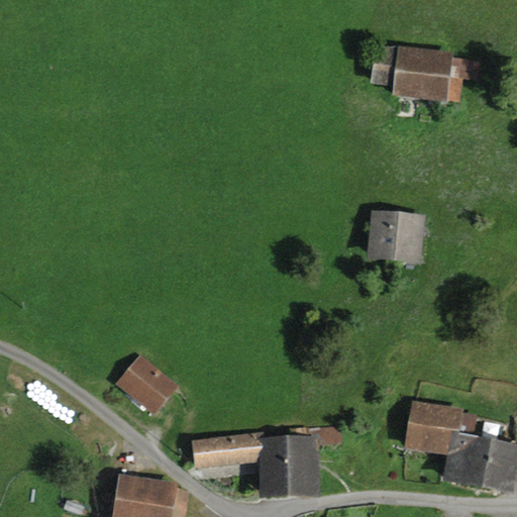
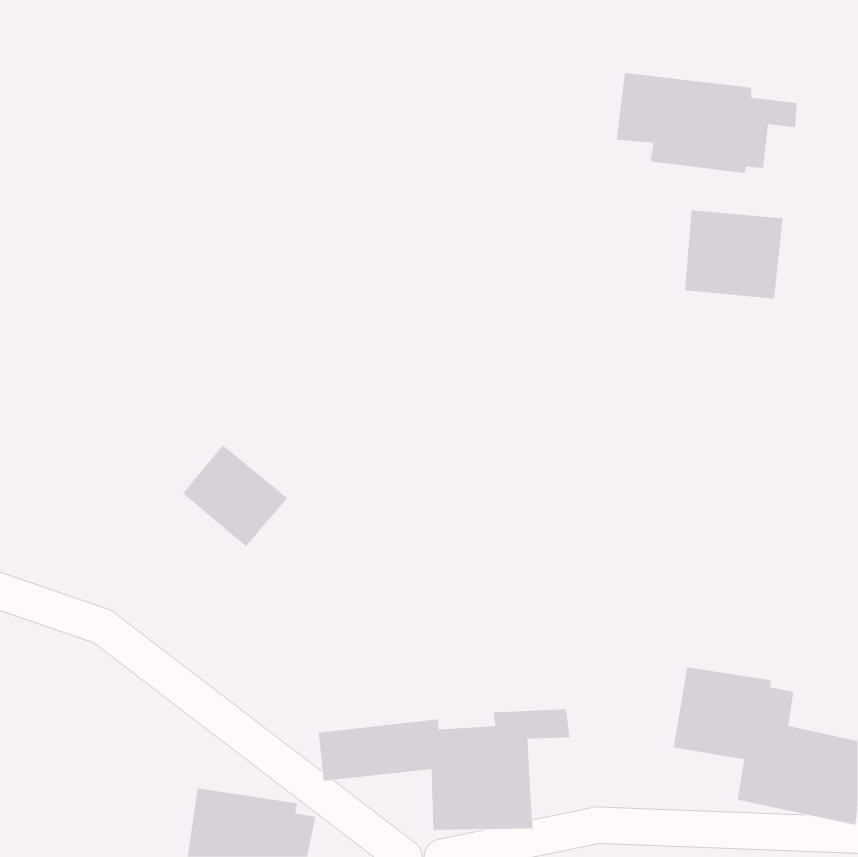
building: [367,210,426,264] -> [684,210,783,299]
building: [115,353,179,415] -> [182,444,288,547]

